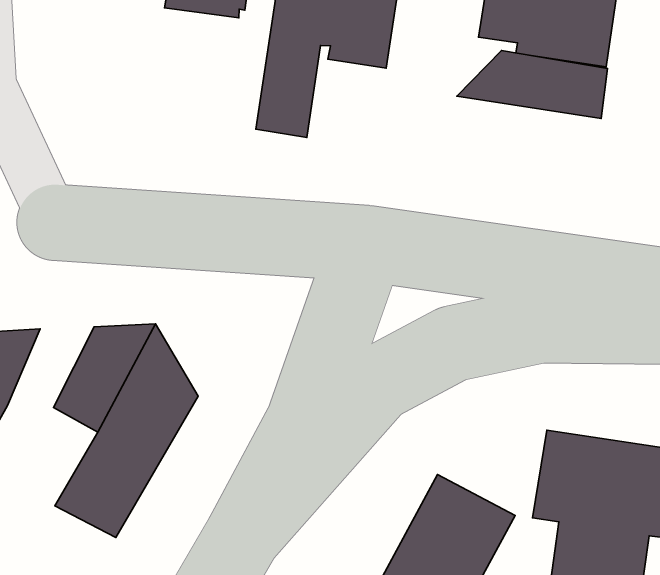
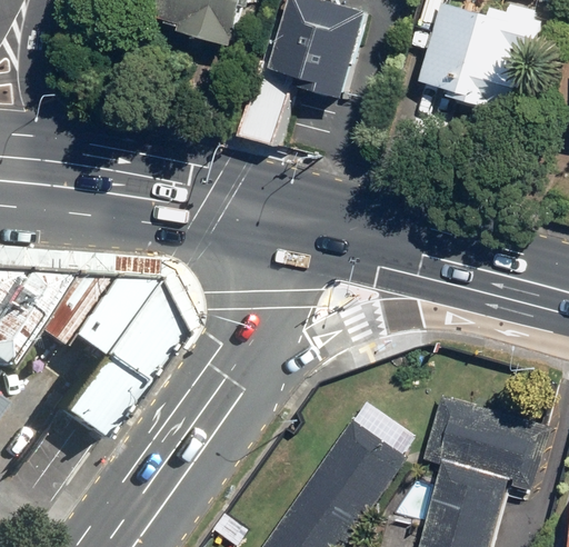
building: [457,51,607,118] -> none
building: none -> [21,269,96,345]

